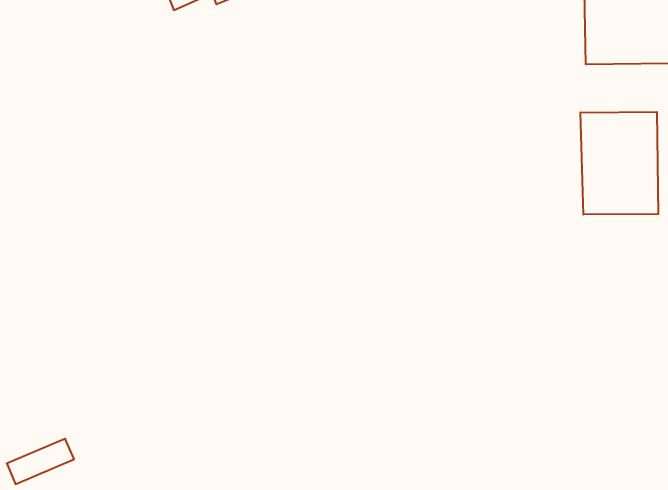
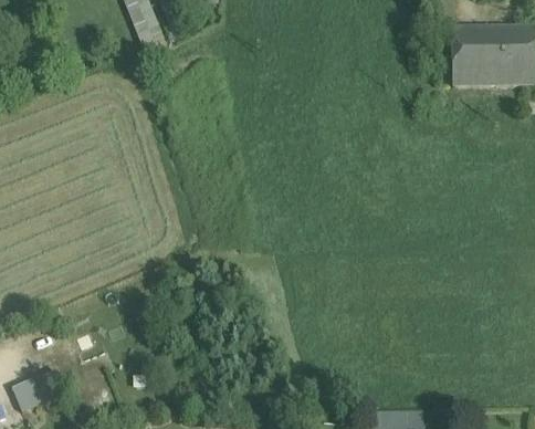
building: [581,112,658,215] -> none

